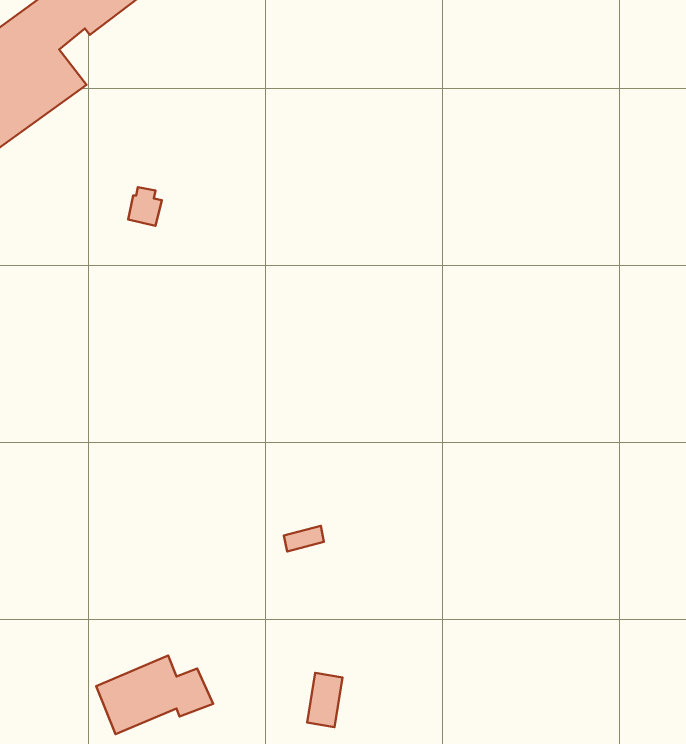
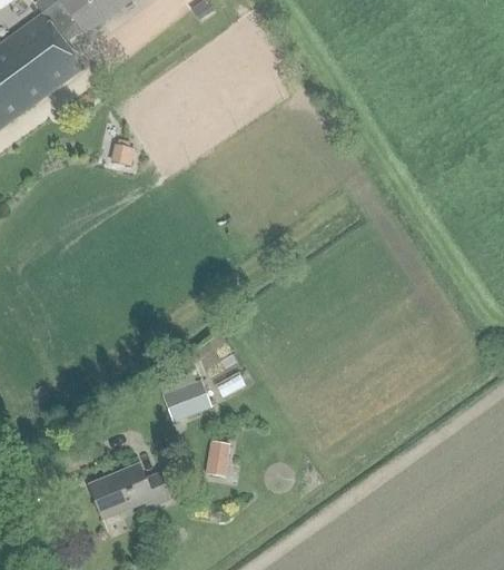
building: none -> [160,380,209,421]
building: [307,673,343,727] -> [205,439,229,476]

